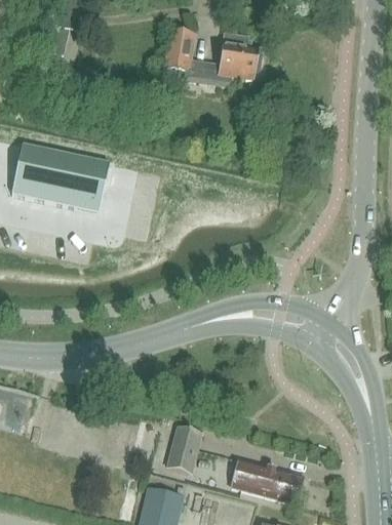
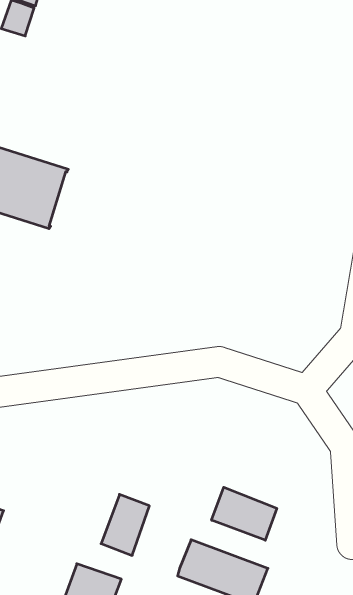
building: [162,29,262,80] -> none
building: none -> [212,487,277,540]

